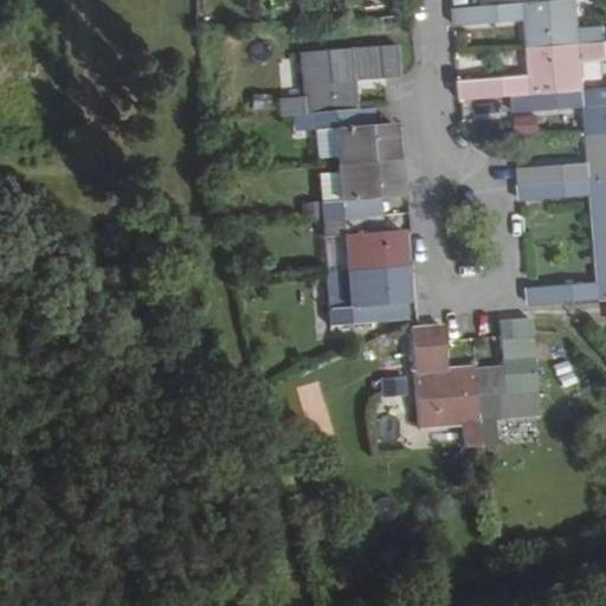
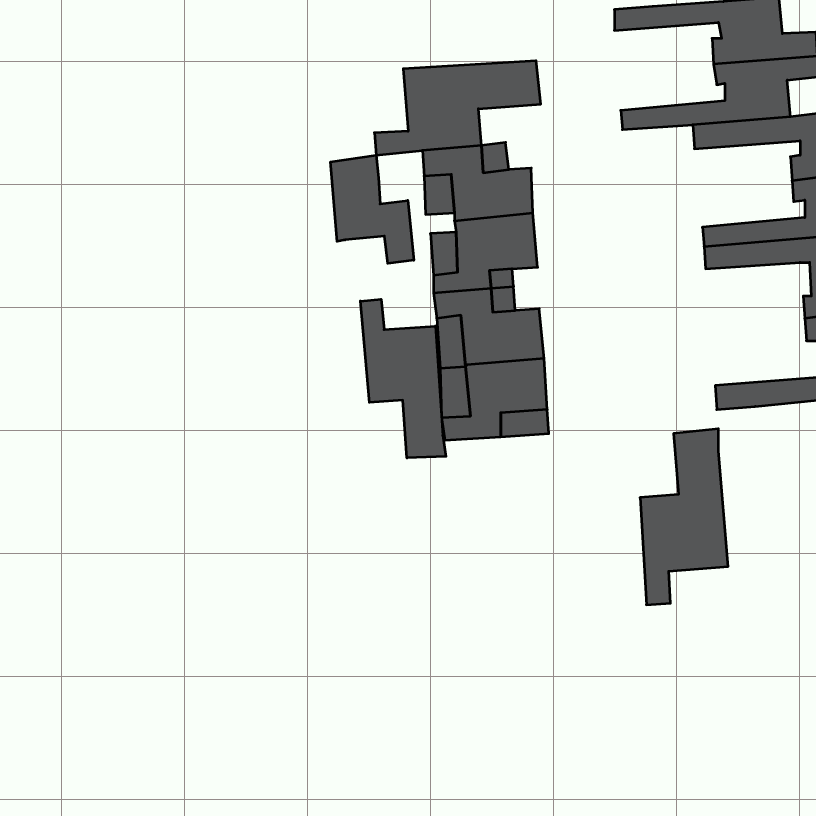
building: none -> [331,155,414,263]
building: none -> [360,299,446,458]
building: [412,324,479,447] -> none

